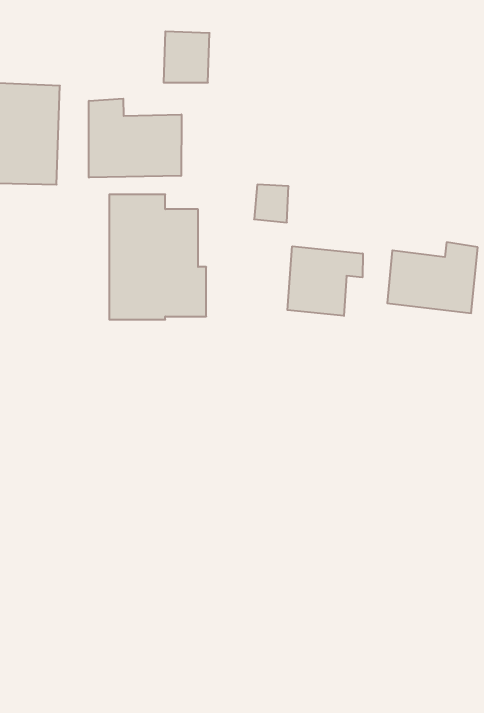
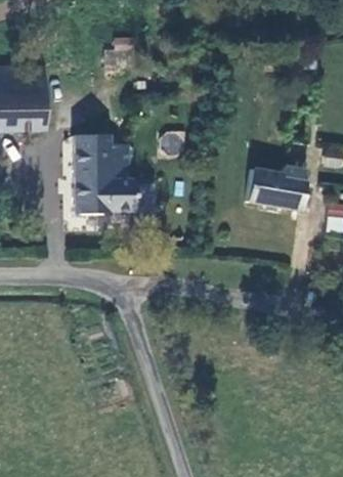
building: [89,99,181,178] -> none
building: [287,246,363,316] -> none

